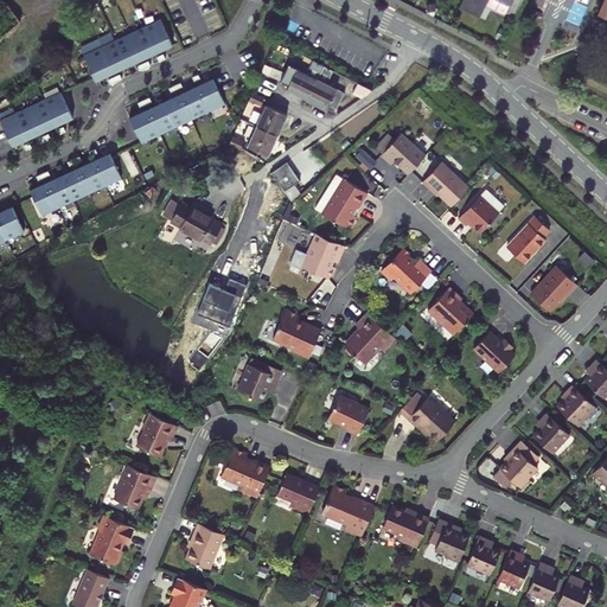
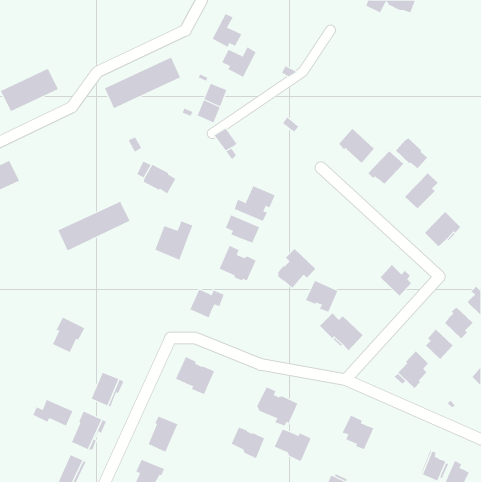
building: [83,14,173,77] -> none
building: [305,68,343,110] -> [212,13,242,48]
building: [383,134,427,175] -> none
building: [31,149,122,212] -> [58,201,131,251]
building: none -> [395,137,428,169]
building: [319,180,365,230] -> none
building: [381,248,433,294] -> none
building: none -> [225,214,260,243]
building: [428,287,474,334] -> none
building: [330,396,371,436] -> [305,280,338,313]
building: [136,414,178,459] -> [52,317,85,353]
building: [276,473,319,513] -> [231,427,265,459]
building: none -> [32,399,73,427]
building: [381,509,428,550] -> [274,429,312,462]
building: [466,539,499,579] -> none
building: [497,554,529,592] -> none

